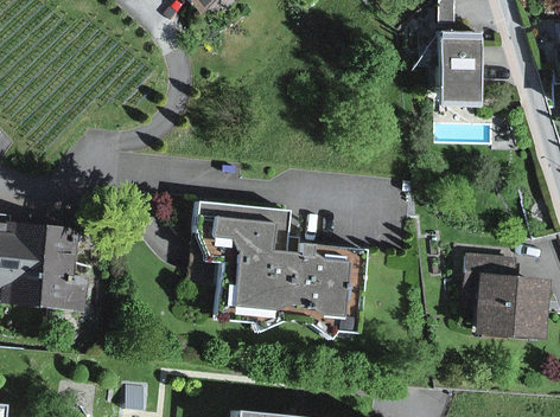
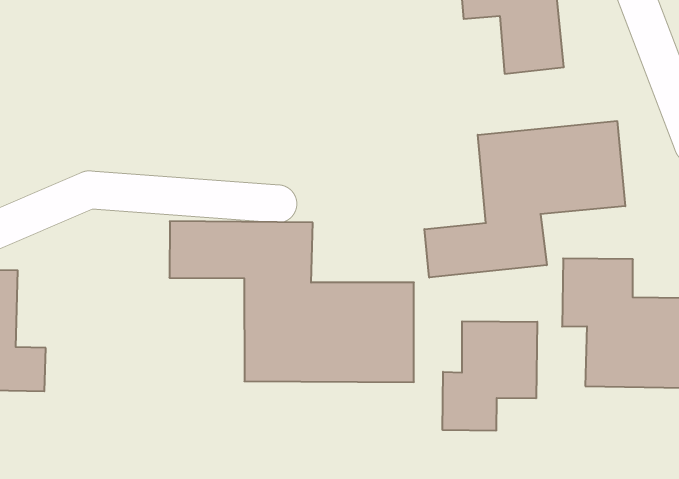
building: none -> [424,121,625,278]
building: none -> [443,321,537,431]

